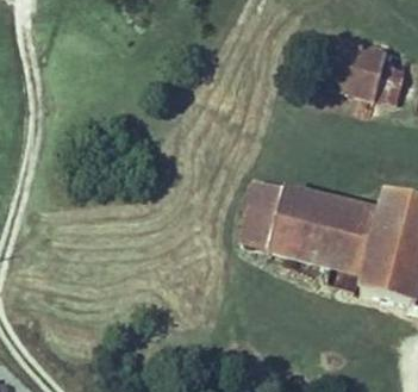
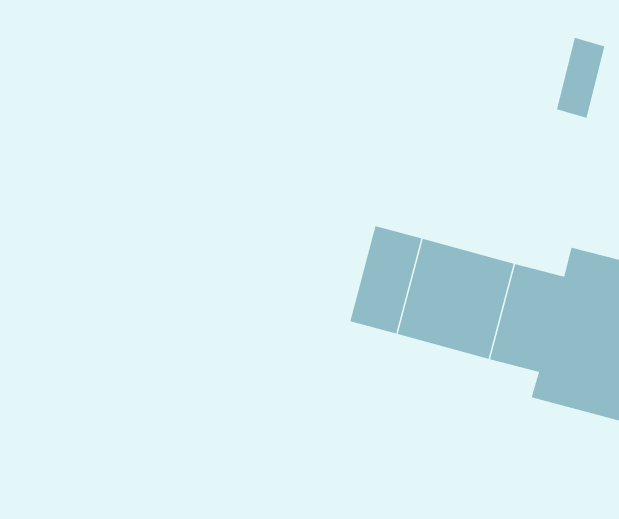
building: [327,43,388,102] -> none

